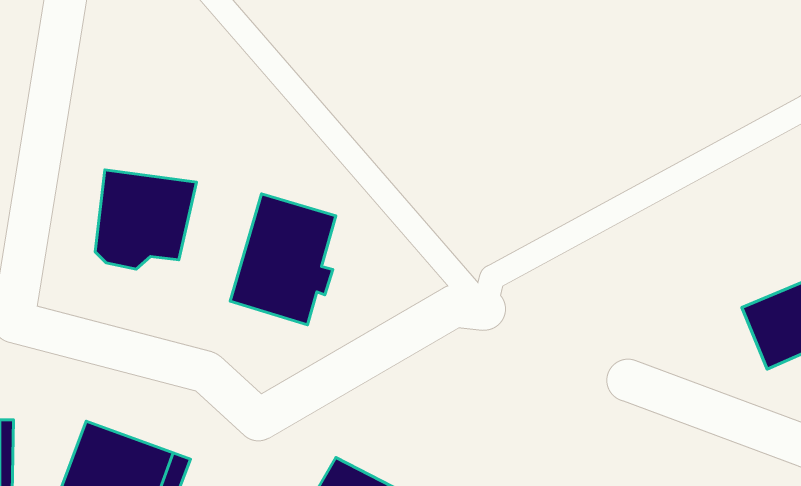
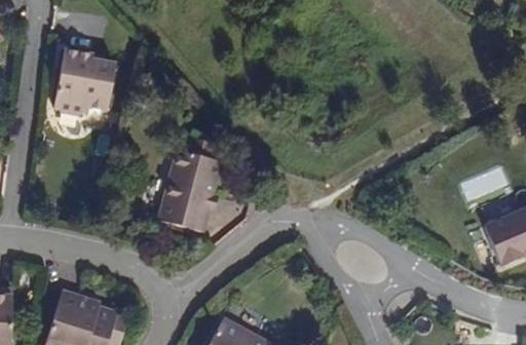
building: [95,170,196,269] -> [49,54,115,119]

